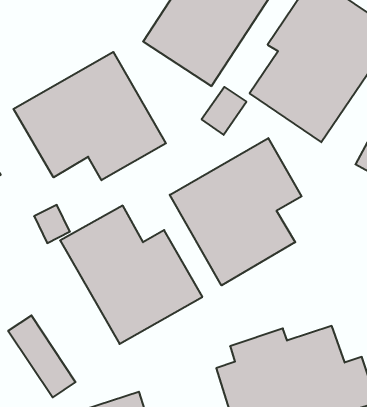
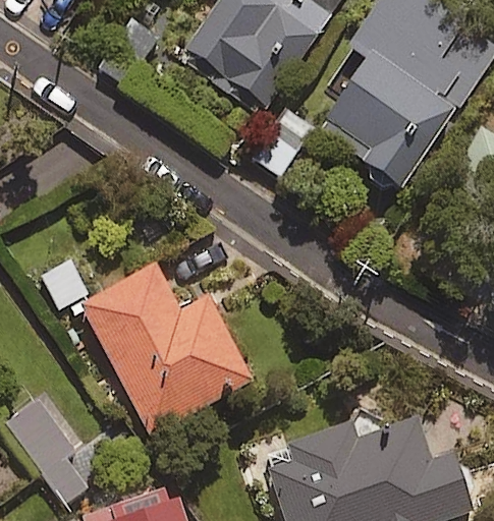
building: [13,52,166,180] -> none
building: [170,138,302,285] -> none

